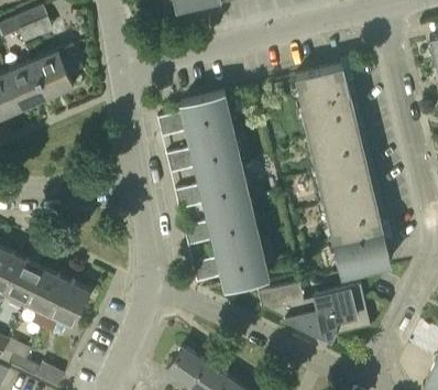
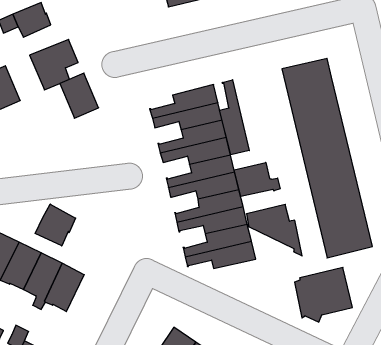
building: [7,62,47,109] -> [60,73,99,118]
building: none -> [220,80,249,155]
building: none -> [234,162,280,197]
building: none -> [35,204,76,246]
building: [259,283,317,337] -> [246,204,302,256]

